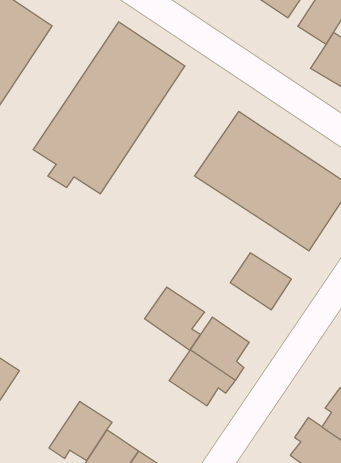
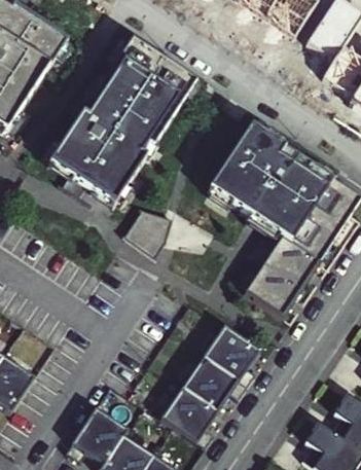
building: none -> [117,215,166,263]
building: none -> [261,232,319,286]
building: [145,287,205,350] -> [160,385,219,446]

